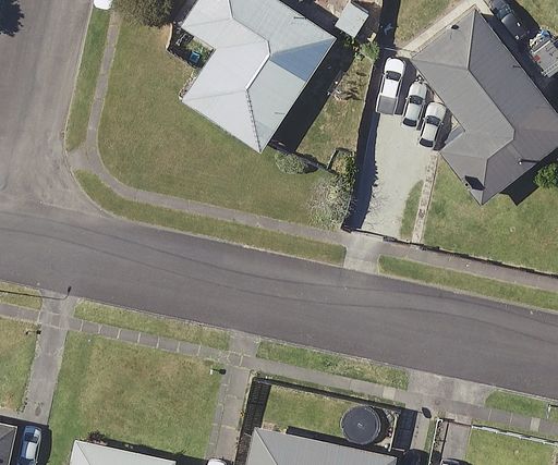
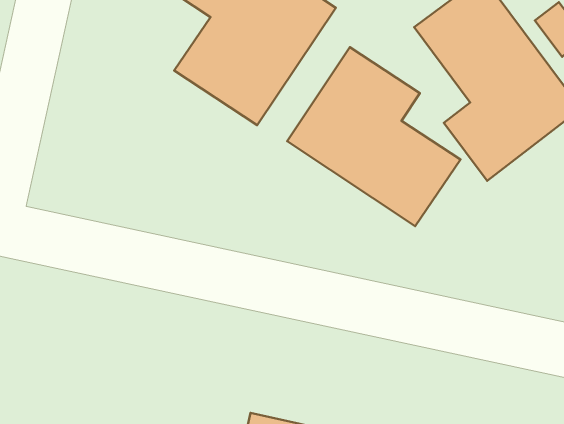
building: none -> [287,47,460,226]

